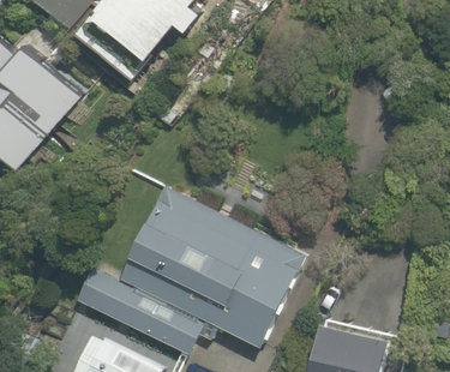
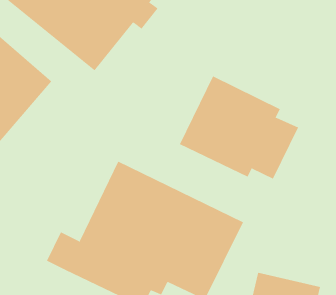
building: none -> [179,76,299,179]

